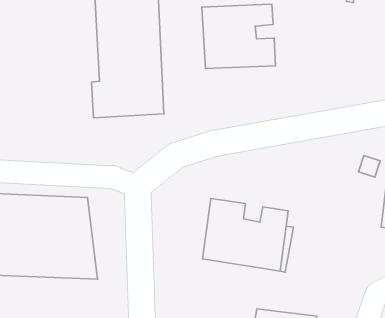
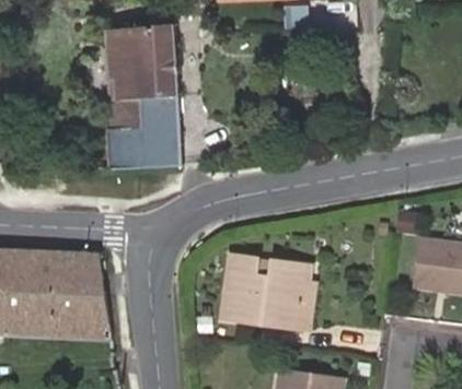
building: [202,4,276,69] -> none

